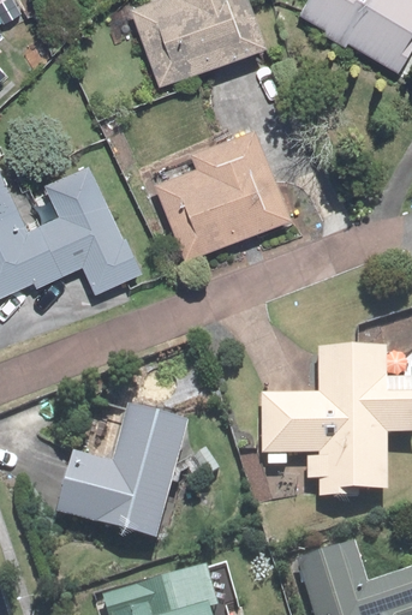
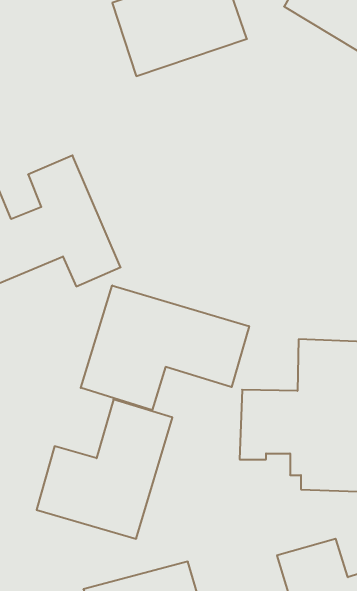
building: [155,119,295,261] -> none
building: none -> [81,285,249,410]

